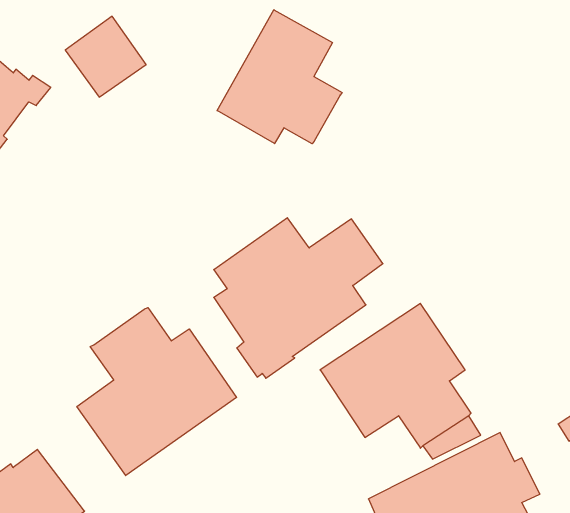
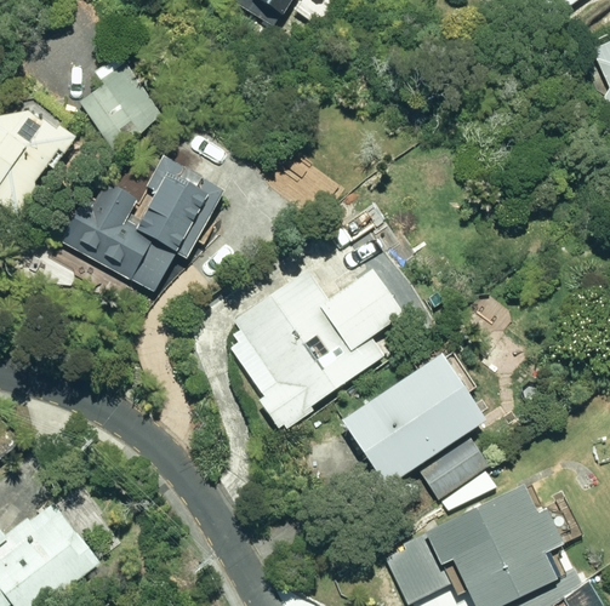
building: [217,10,342,144] -> none
building: none -> [50,156,222,293]
building: [77,308,237,476] -> none

